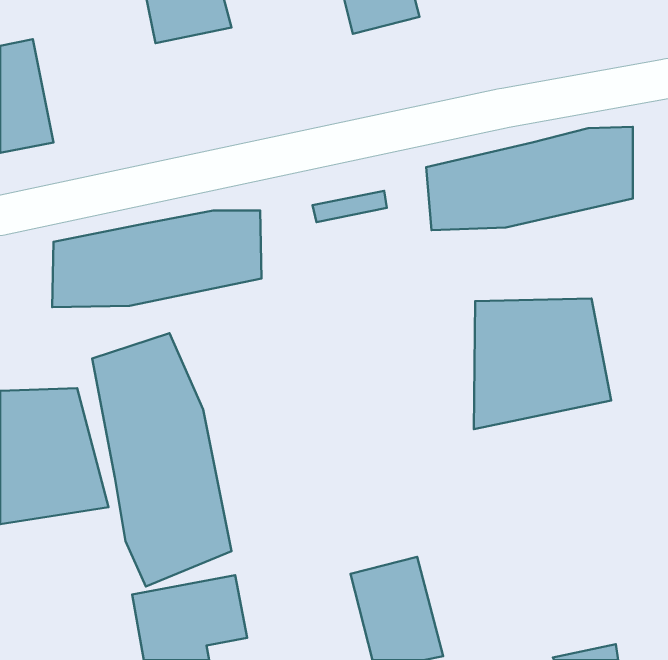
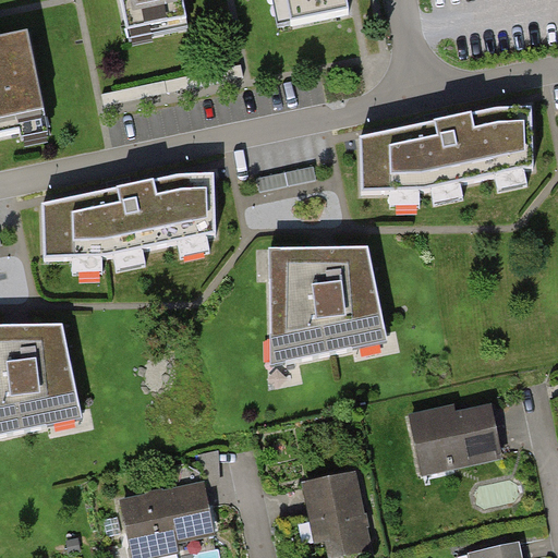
building: [474,299,611,429] -> [272,248,387,357]
building: [92,333,232,586] -> none
building: none -> [404,400,498,471]

